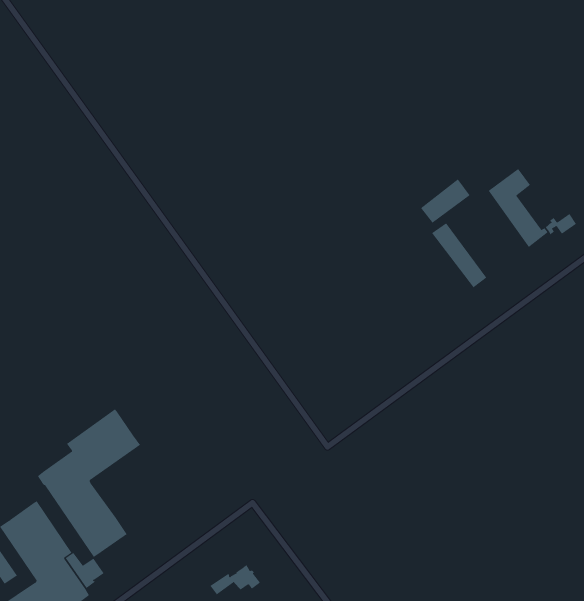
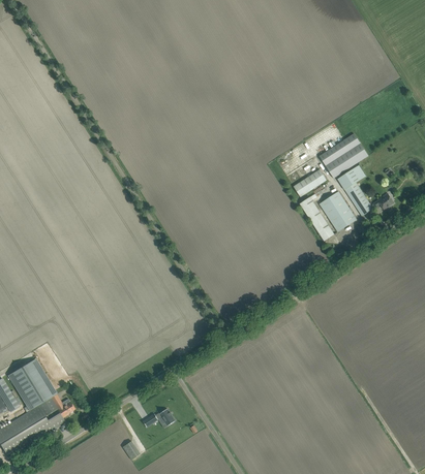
building: none -> [318,132,367,178]
building: none -> [318,191,356,231]
building: [37,408,141,558] -> none

